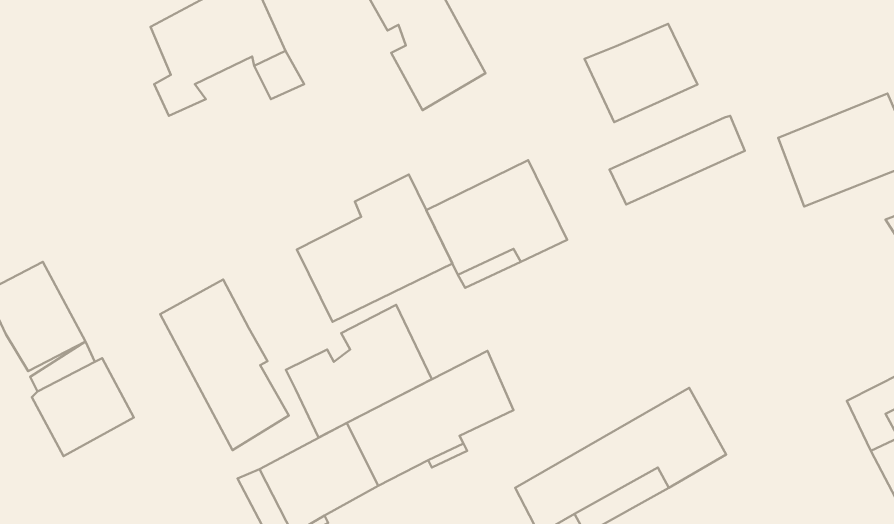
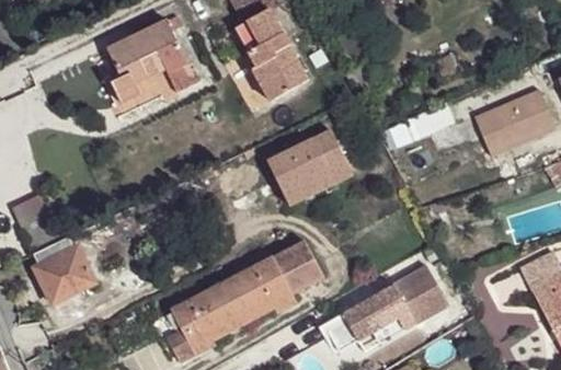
building: [585,24,698,122] -> none
building: [297,175,452,322] -> none
building: [160,280,289,450] -> none
building: [286,305,432,437] -> none

